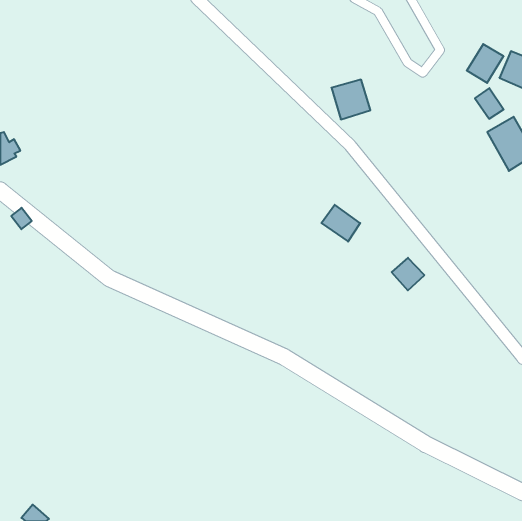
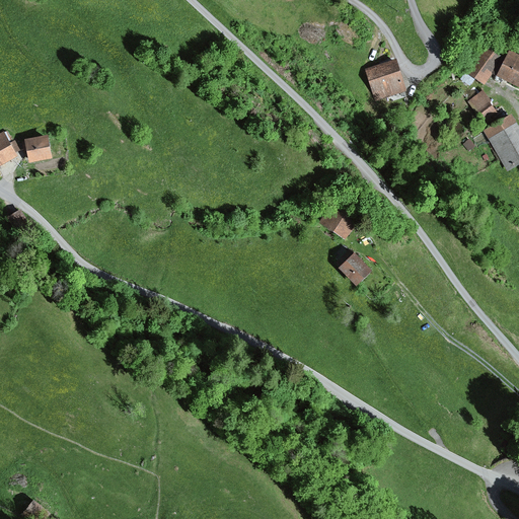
building: [331,80,370,119] -> [366,60,404,99]
building: none -> [25,135,52,162]
building: [392,258,424,290] -> [340,252,372,285]

